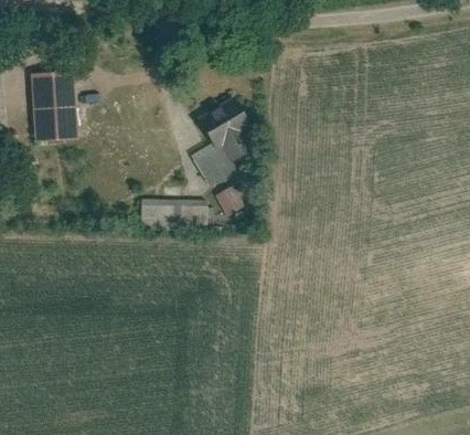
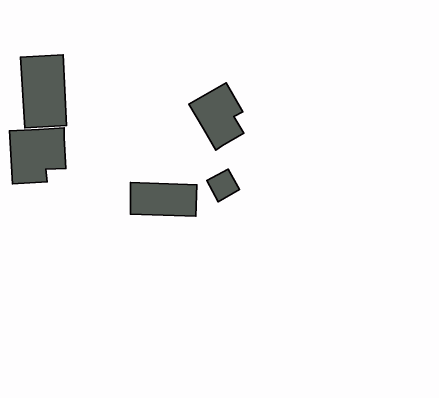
building: none -> [10,128,66,184]
building: [193,146,235,185] -> none

